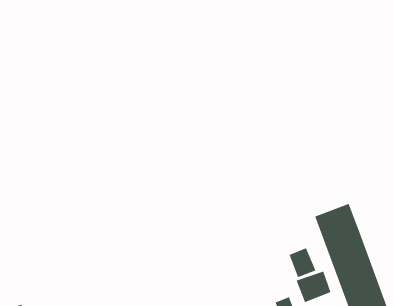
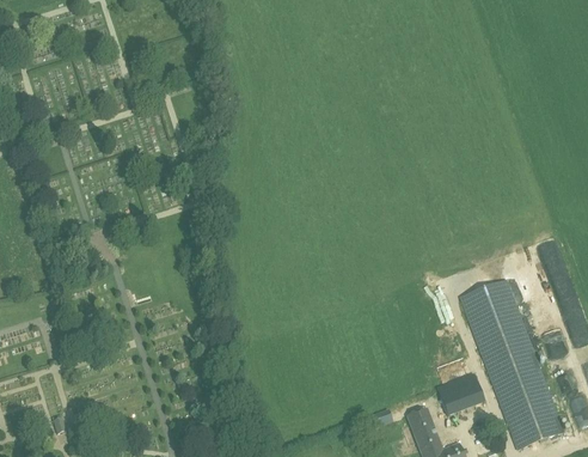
building: [289,247,317,278] -> none

